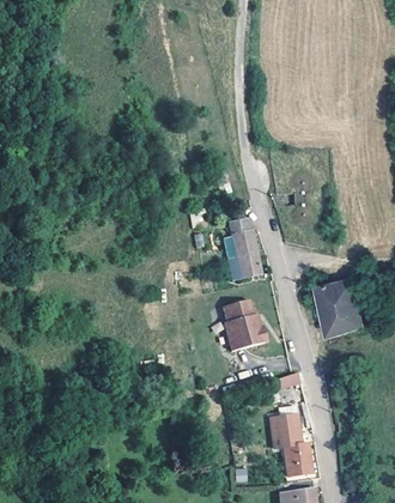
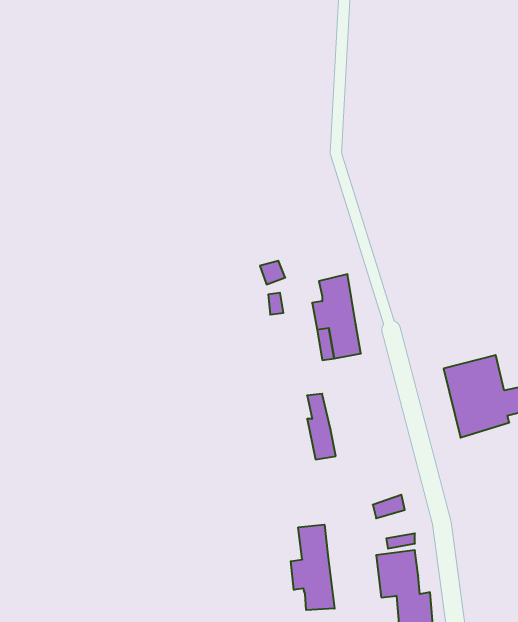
building: [232,301,263,349] -> none
building: none -> [291,525,335,610]

